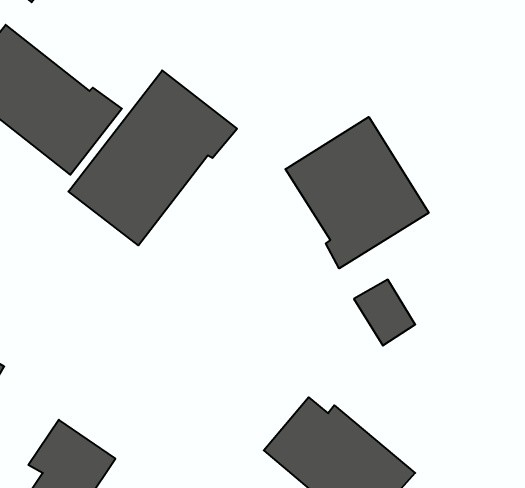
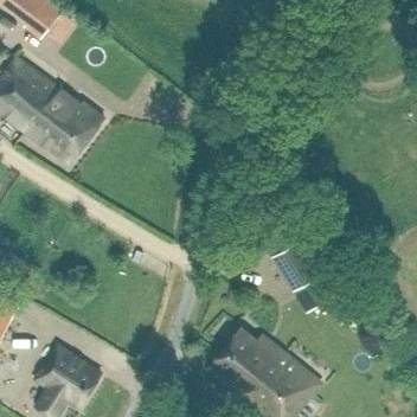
building: [68,70,237,245] -> none
building: [285,117,429,268] -> none

